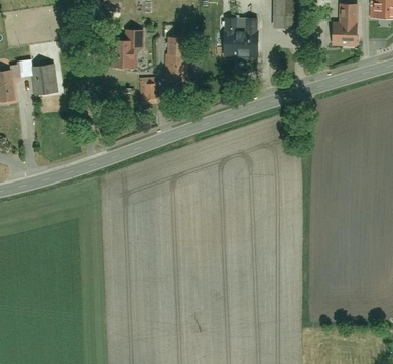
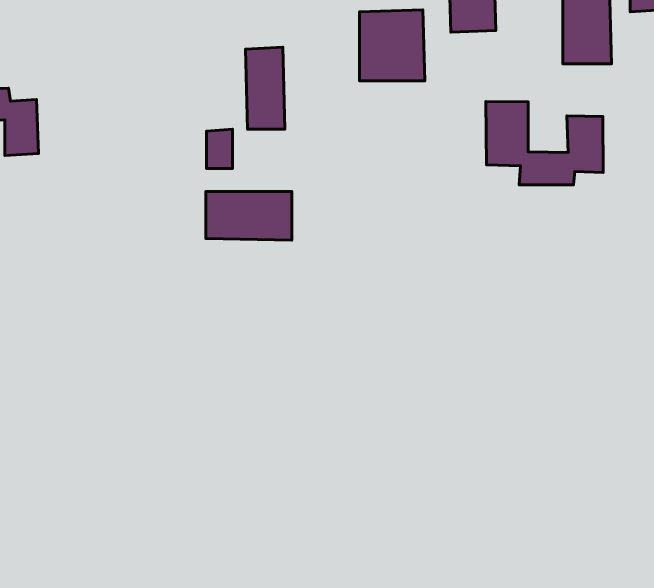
building: [112,28,144,70] -> none
building: none -> [486,102,603,185]
building: none -> [206,192,292,240]

